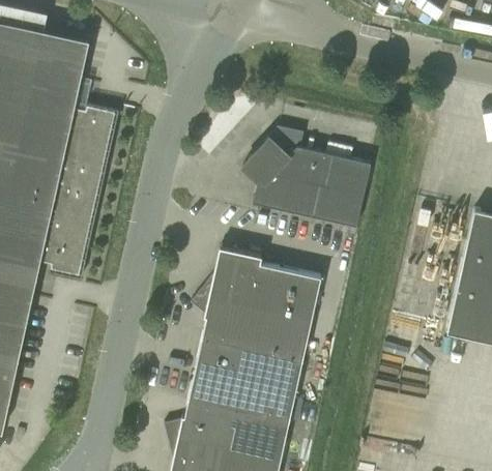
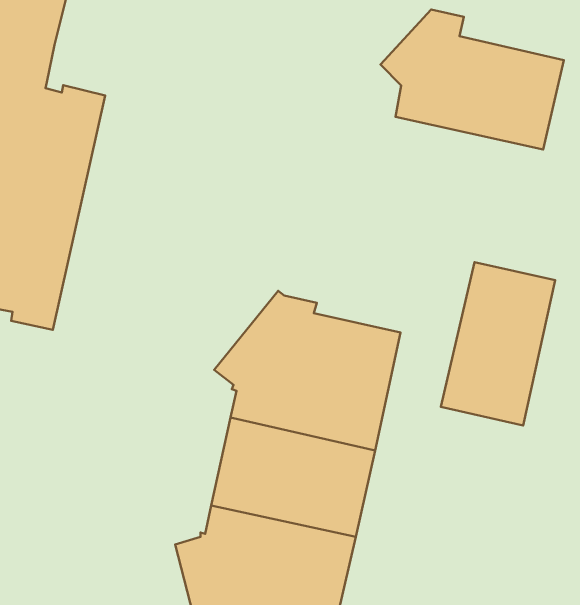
building: [242,129,370,227] -> [380,9,564,150]
building: none -> [441,262,555,425]

